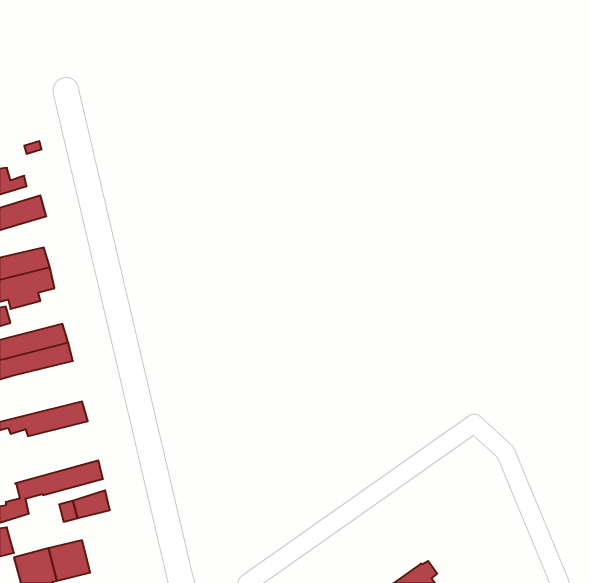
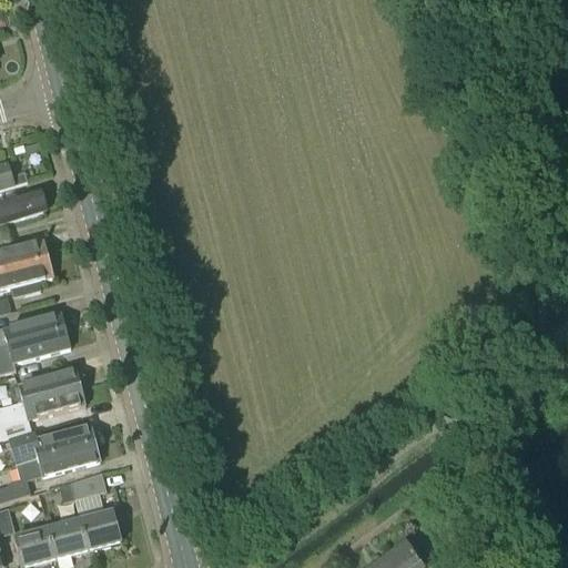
building: none -> [12,367,79,399]
building: none -> [7,424,94,464]
building: none -> [79,509,120,549]

